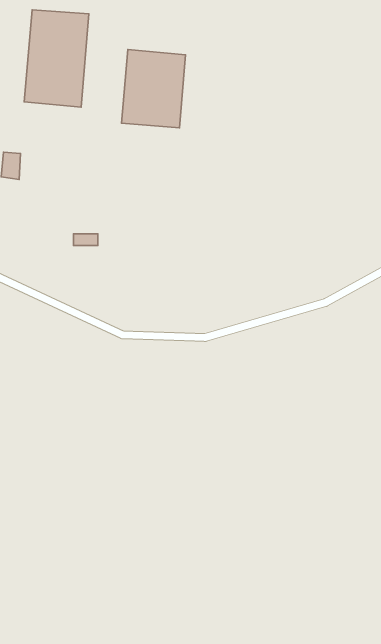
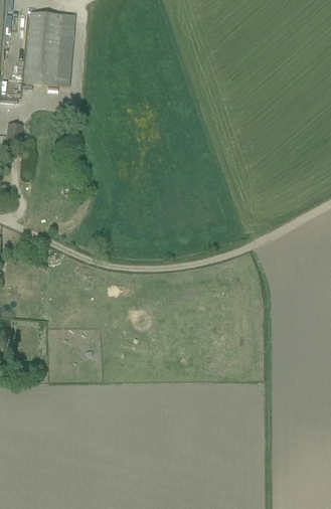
building: [122,49,186,128] -> none

